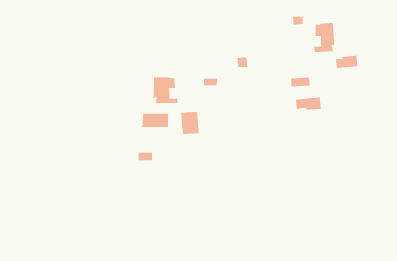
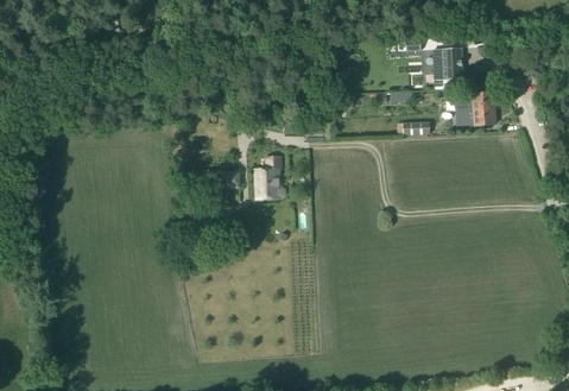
building: [153,76,178,104] -> none
building: [295,97,321,110] -> [459,107,494,125]

